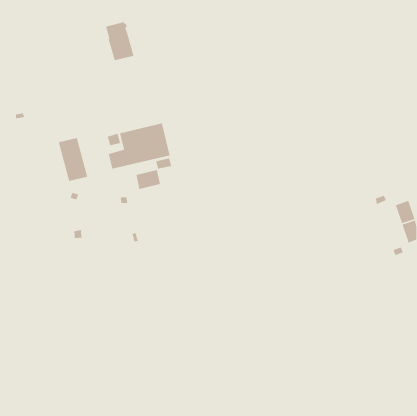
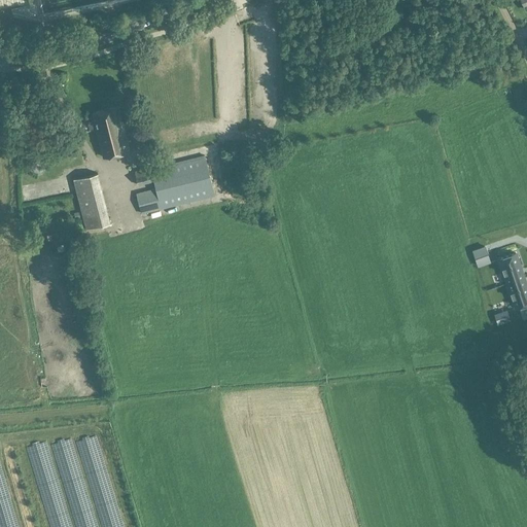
building: [105,21,134,61] -> [93,107,130,157]
building: [135,169,161,190] -> none

